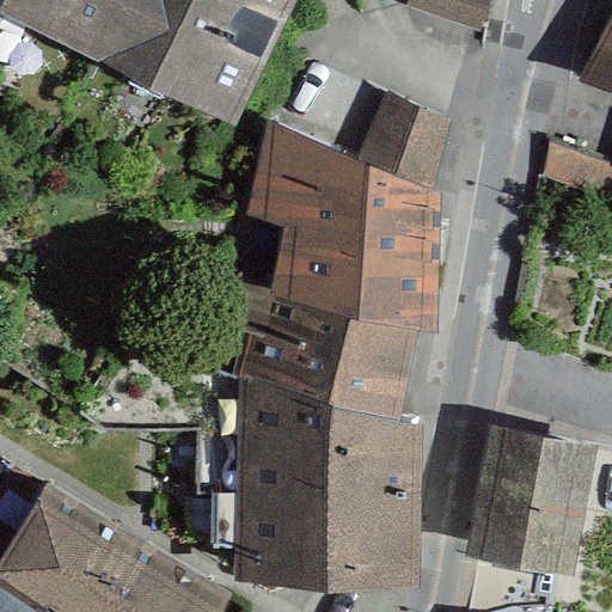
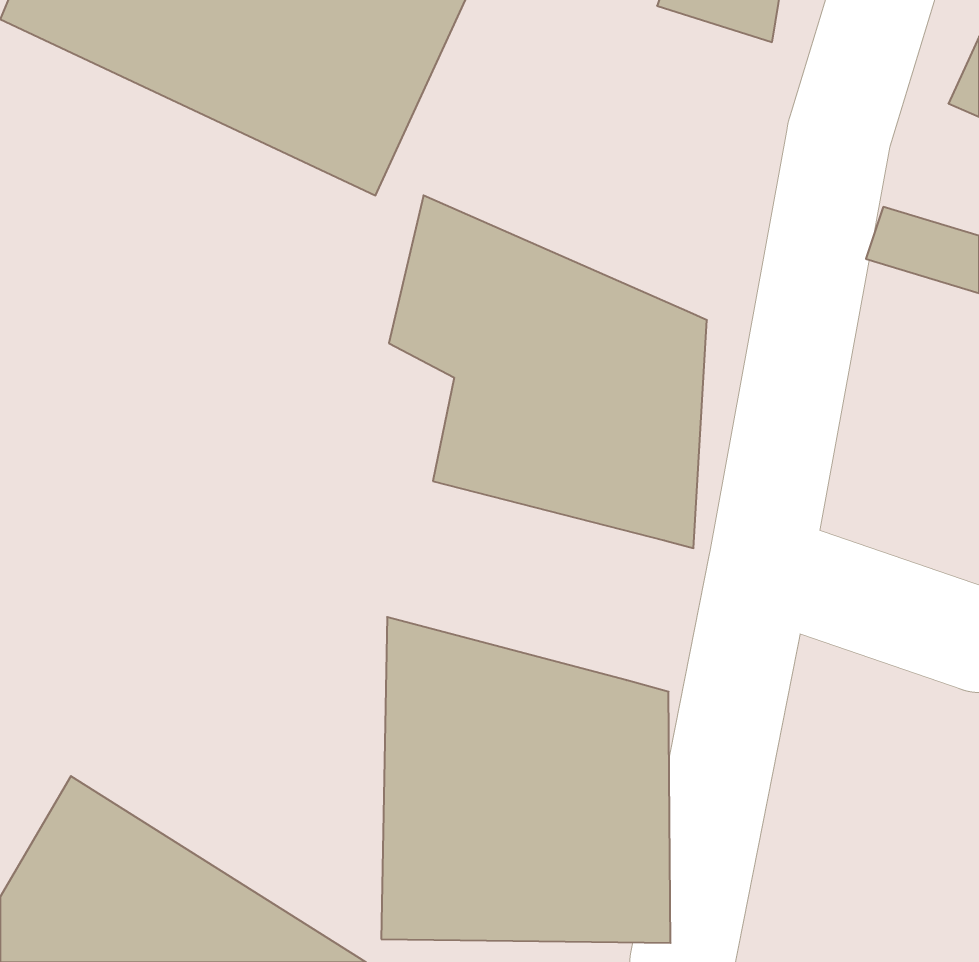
building: [361,92,451,195] -> none
building: [226,294,415,424] -> none
building: [463,429,596,585] -> none

